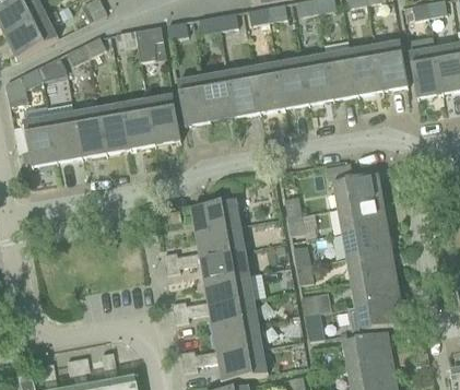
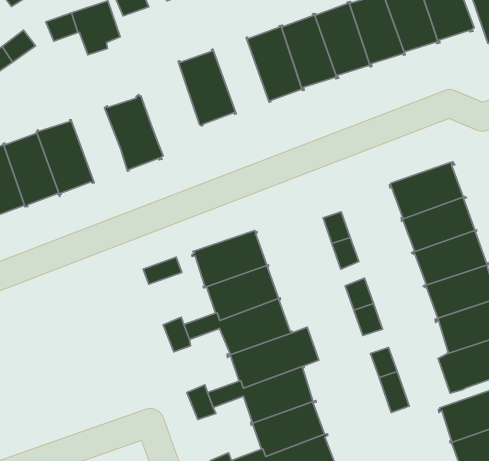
building: [227,66,260,117] -> none
building: [177,75,210,126] -> none
building: [122,98,155,149] -> none

